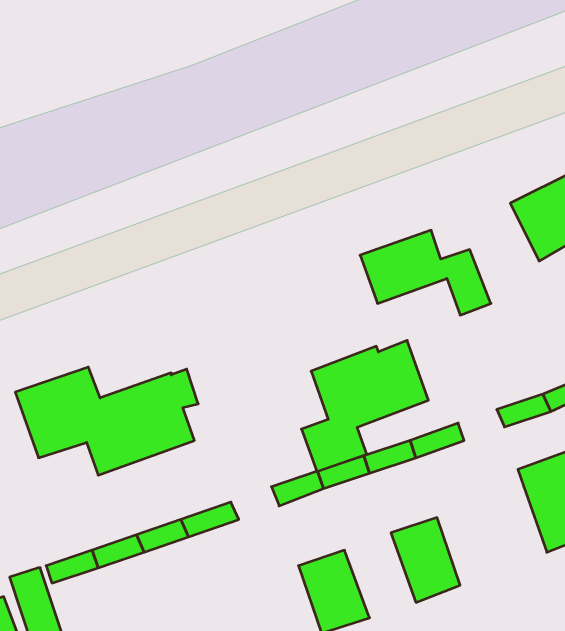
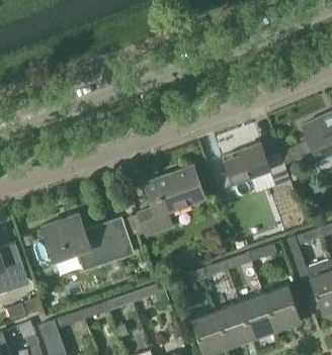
building: [301,340,428,472] -> [138,166,204,235]
building: none -> [262,284,300,329]
building: none -> [214,301,251,346]

